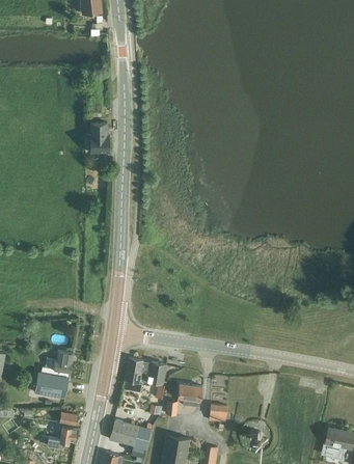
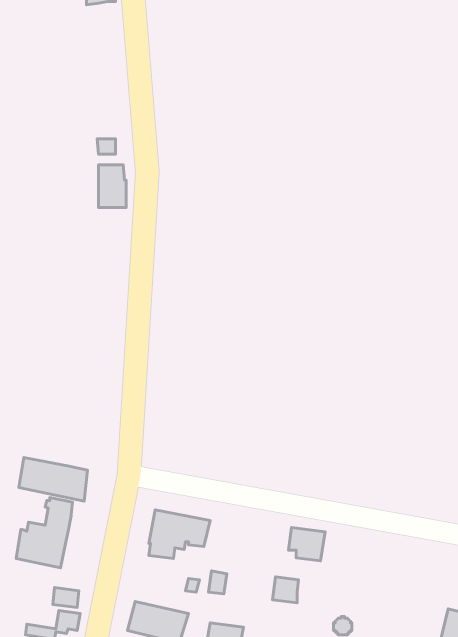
building: none -> [19,457,88,501]
building: [178,383,202,406] -> [289,527,325,561]

